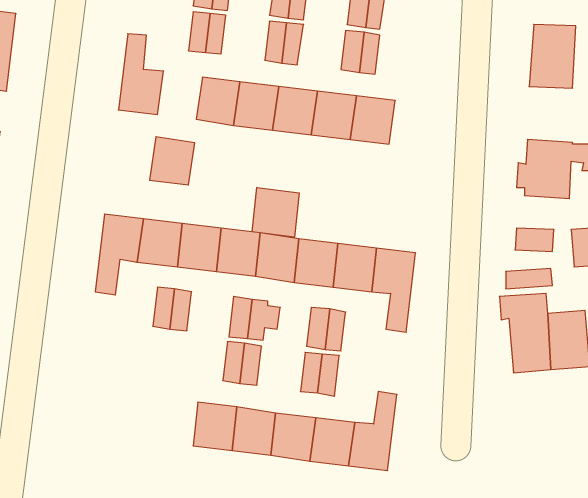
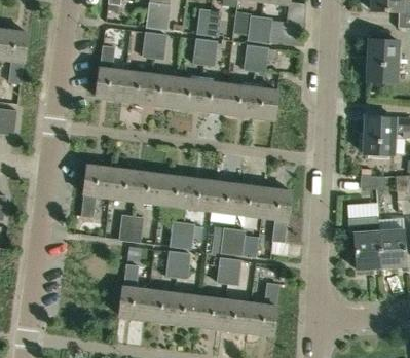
building: [150,137,195,185] -> [121,70,151,102]
building: [252,187,299,237] -> none
building: none -> [119,264,148,318]

